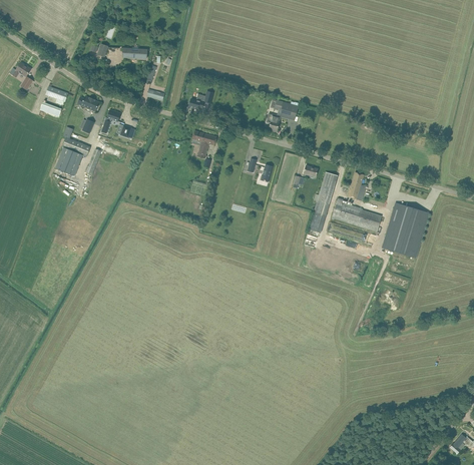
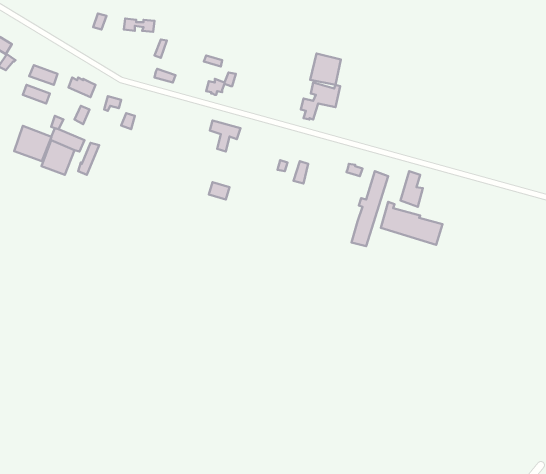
building: none -> [310,54,341,85]
building: none -> [14,126,51,161]
building: [382,203,429,258] -> none

